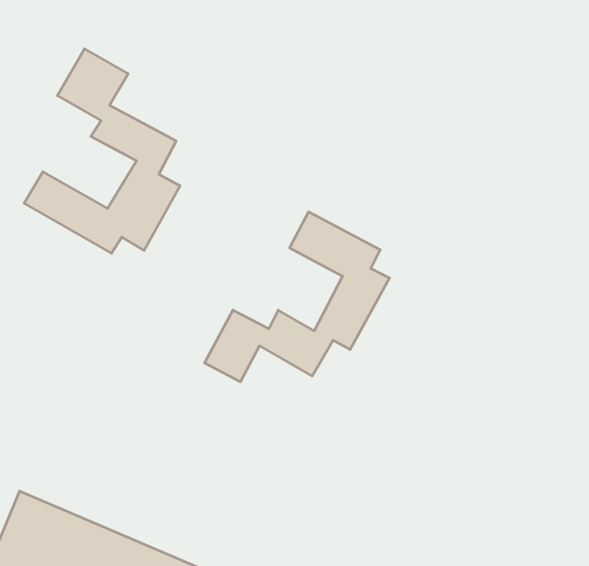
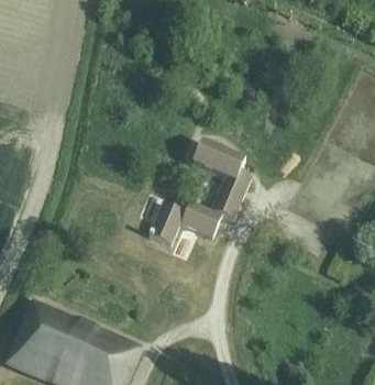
building: [24,49,180,253] -> none

